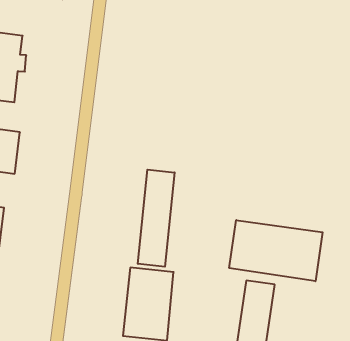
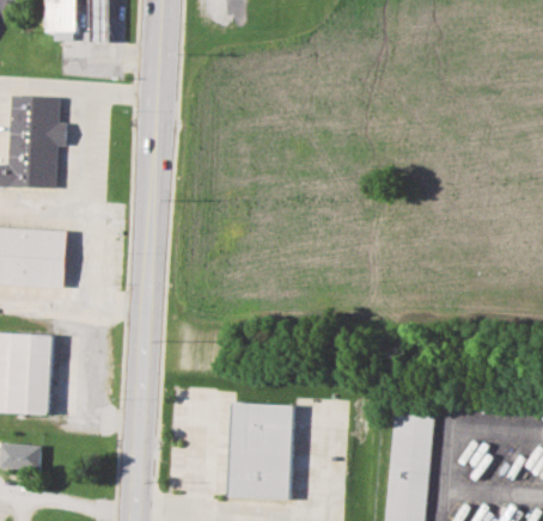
building: [138,170,175,267] -> none
building: [229,220,323,281] -> none

